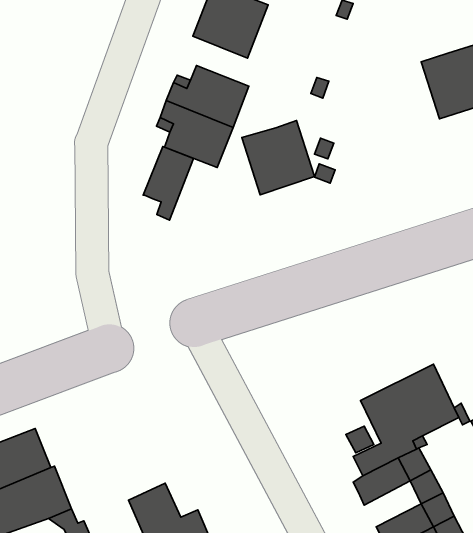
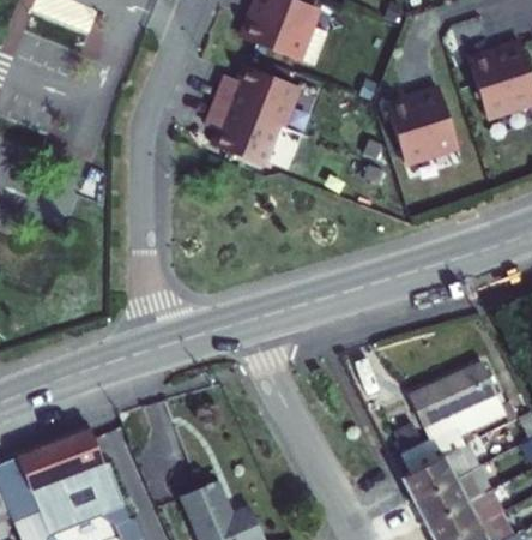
building: [242,121,315,195] -> [387,92,459,166]
building: [143,146,193,220] -> none
building: none -> [413,478,470,523]

